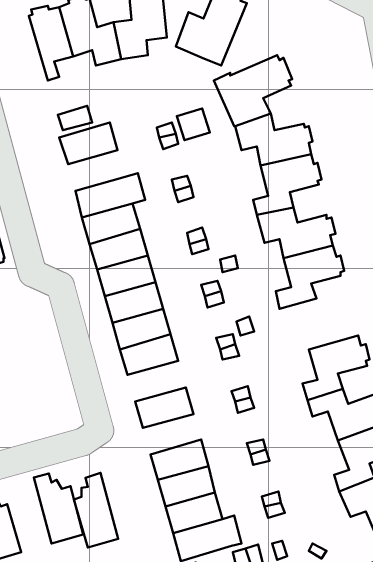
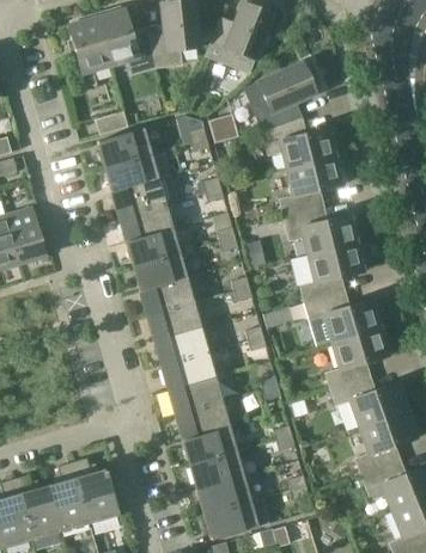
building: none -> [104,153,158,191]
building: none -> [304,293,379,345]
building: none -> [160,351,215,389]
building: none -> [175,401,230,440]
building: [74,473,118,548] -> [47,461,89,532]

